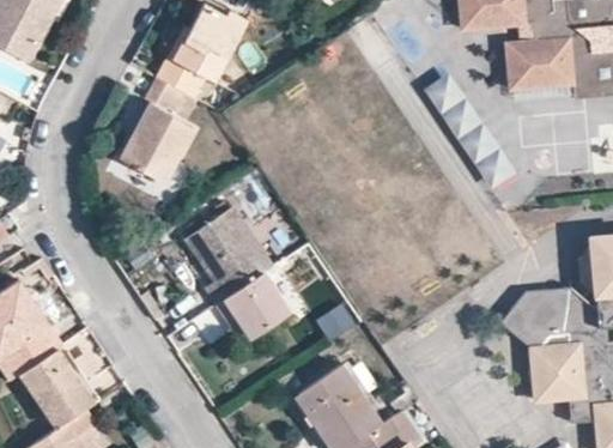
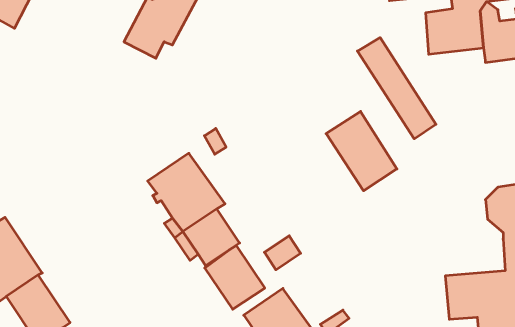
building: [119,77,195,181] -> none
building: none -> [326,111,397,191]
building: [504,289,597,349] -> none
building: none -> [205,245,265,309]

